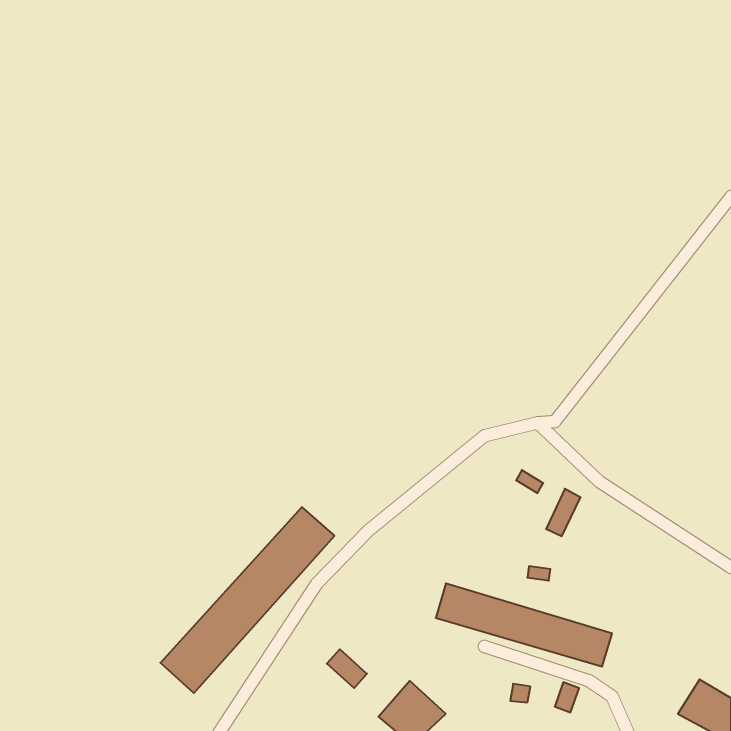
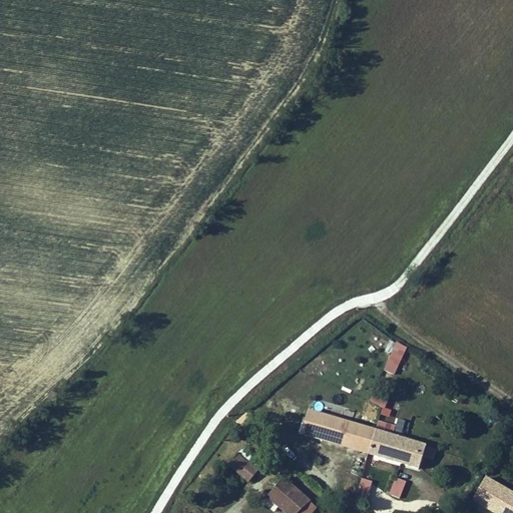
building: [160,507,334,693] -> none

